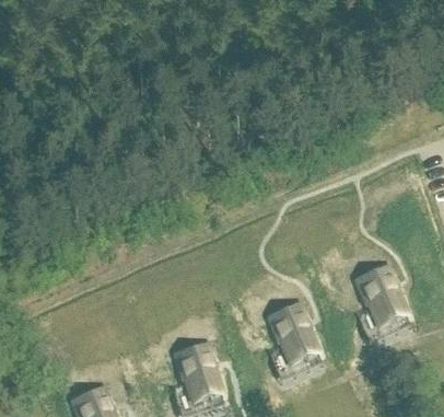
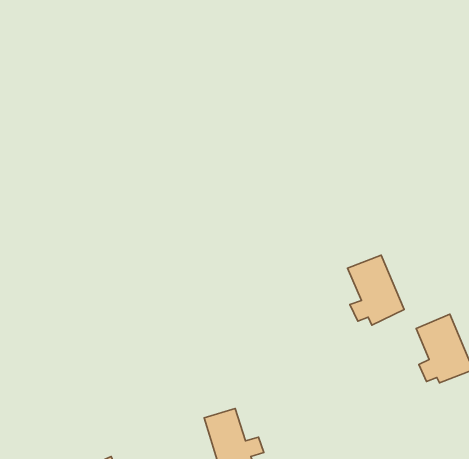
building: [270,309,318,368] -> [347,255,404,325]

